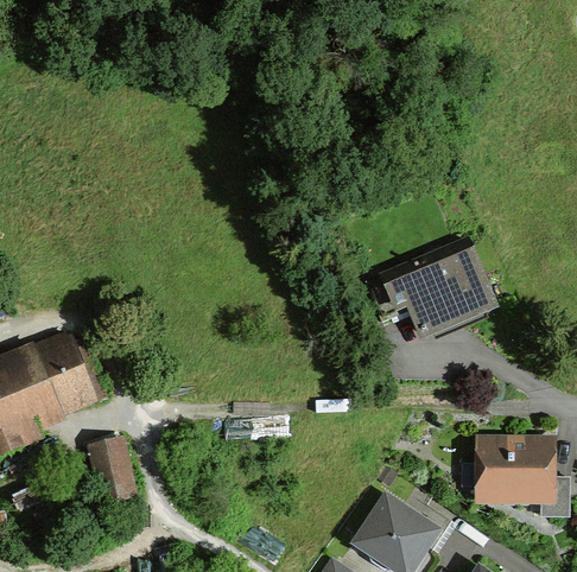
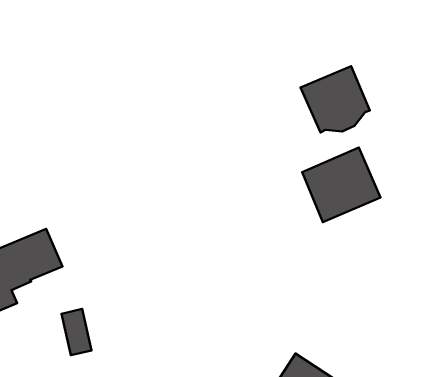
building: none -> [301,66,370,132]
building: [464,439,569,514] -> none

